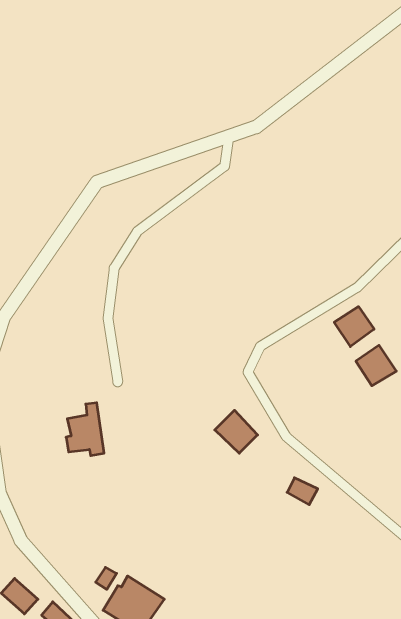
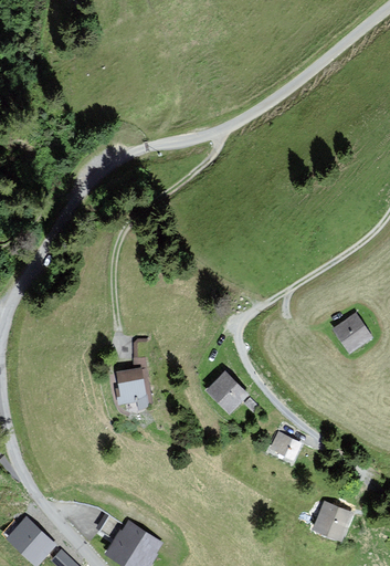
building: [334,307,374,347] -> none
building: [66,403,104,456] -> [116,358,150,406]
building: none -> [314,502,350,538]

